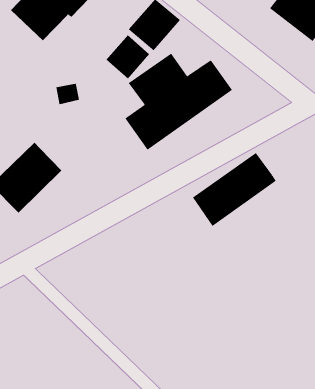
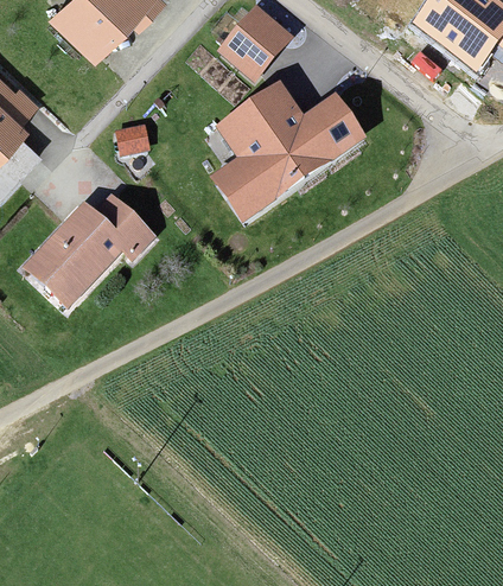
building: [106,34,150,80] -> none
building: none -> [94,198,149,254]
building: [192,152,277,227] -> none

